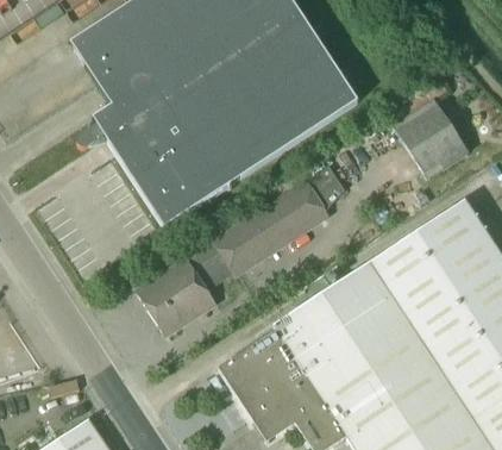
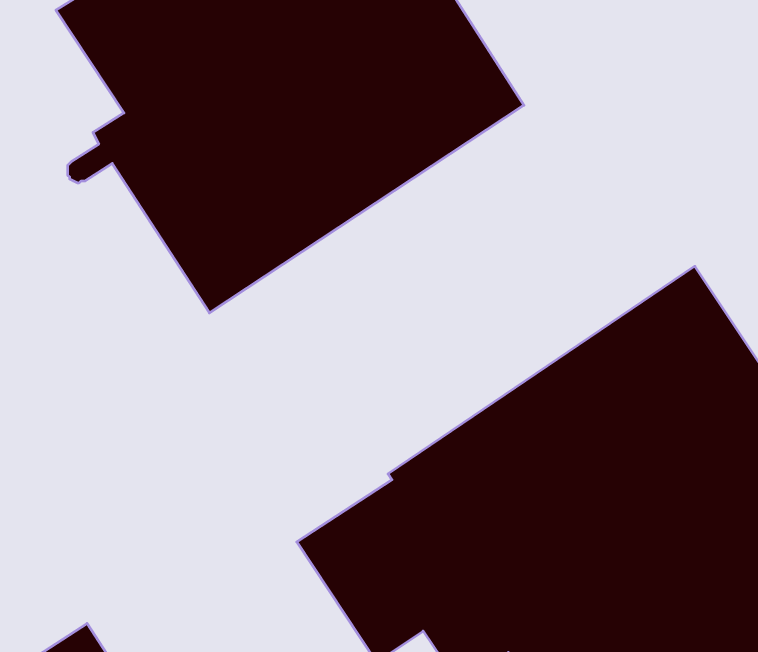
building: [391,95,469,176] -> none
building: [136,163,344,332] -> none

